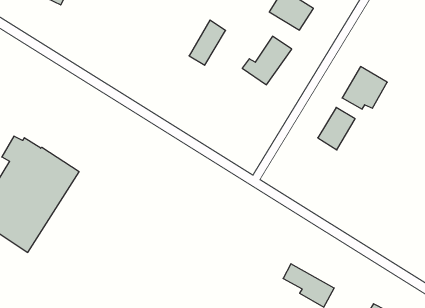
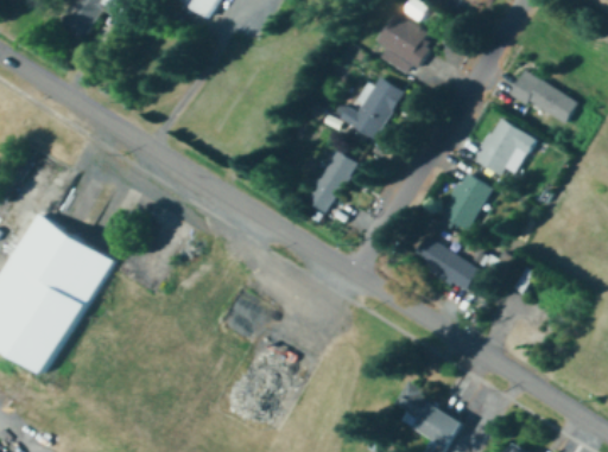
building: [189,20,226,65] -> [305,153,355,215]
building: none -> [511,71,580,125]
building: none -> [411,238,480,291]

